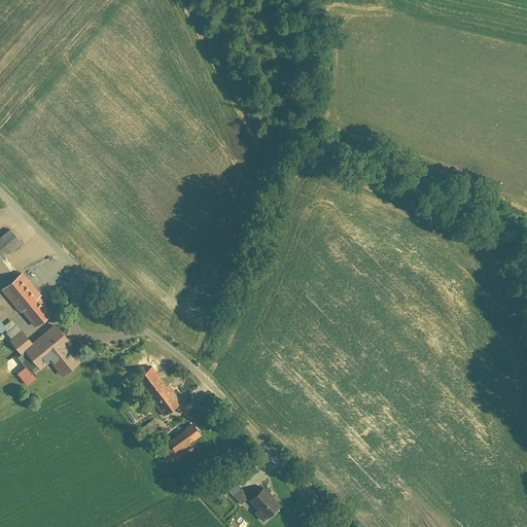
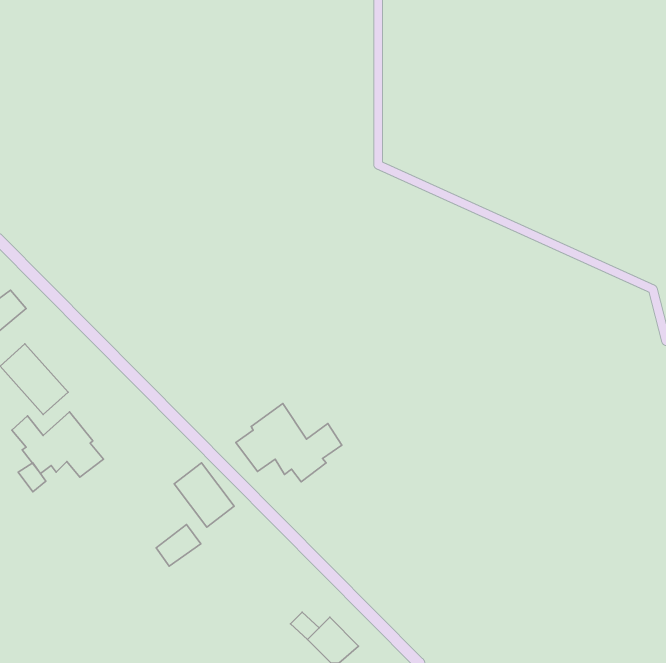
building: none -> [236,404,342,482]
building: [167,423,202,456] -> [156,524,201,566]

